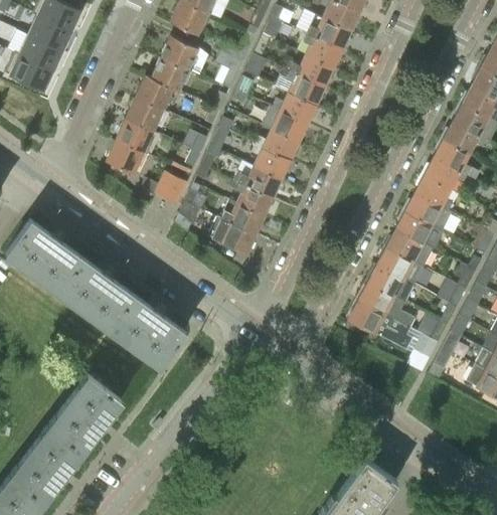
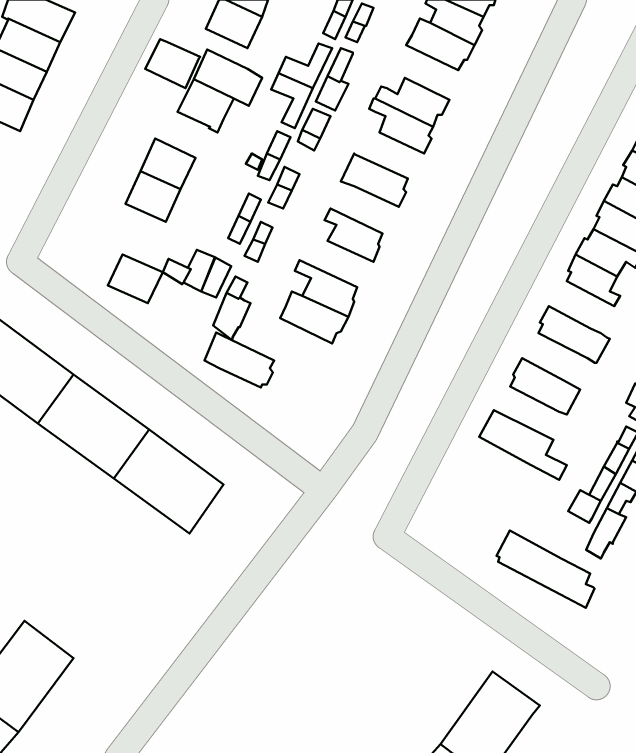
building: [302,34,341,71] -> none
building: [136,77,173,111] -> [145,39,200,88]
building: [272,94,318,125] -> none
building: [255,130,301,162] -> none
building: [106,142,143,175] -> [108,254,163,303]
building: [233,167,284,198] -> none
building: [402,194,452,231] -> none
building: [208,217,256,254] -> [204,332,274,387]
building: [384,229,434,268] -> none
building: [365,266,415,302] -> none
building: [346,300,412,352] -> [497,531,595,608]
building: [47,374,120,450] -> none

